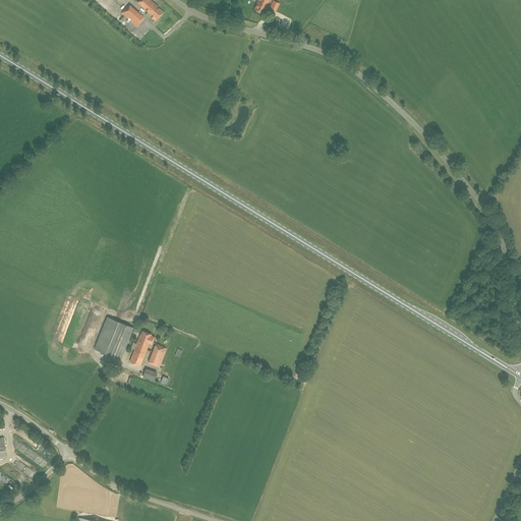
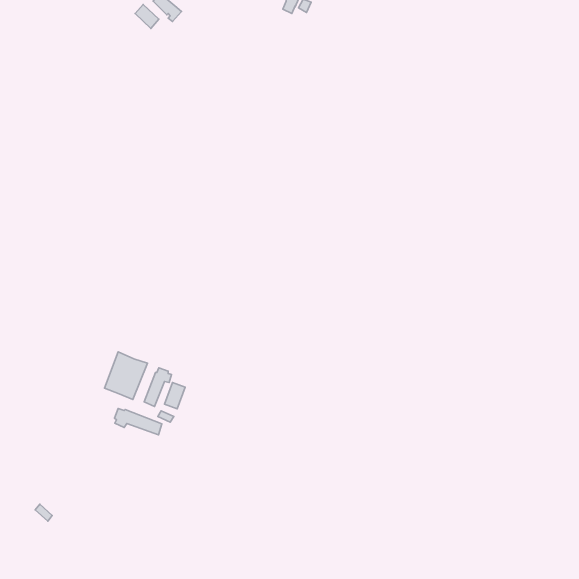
building: none -> [114,409,162,435]

